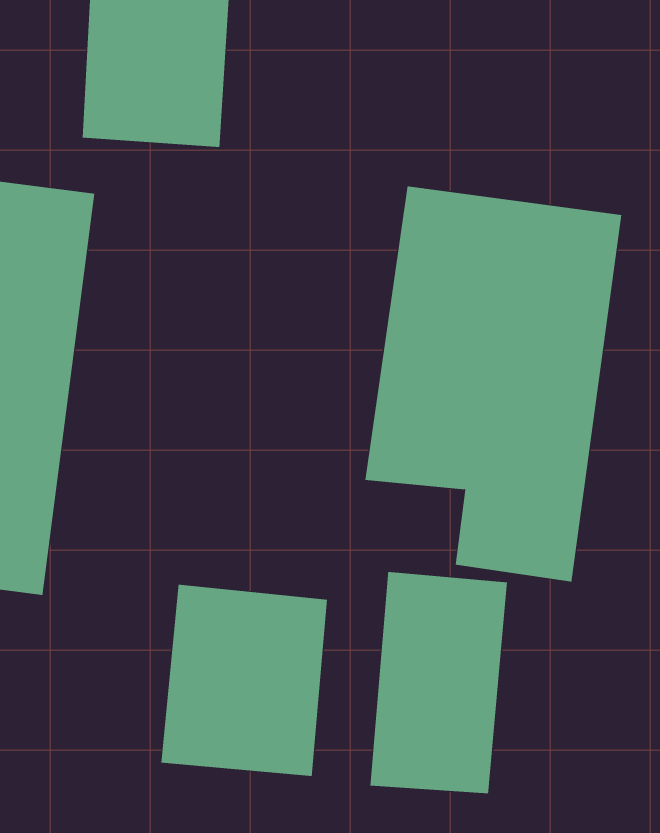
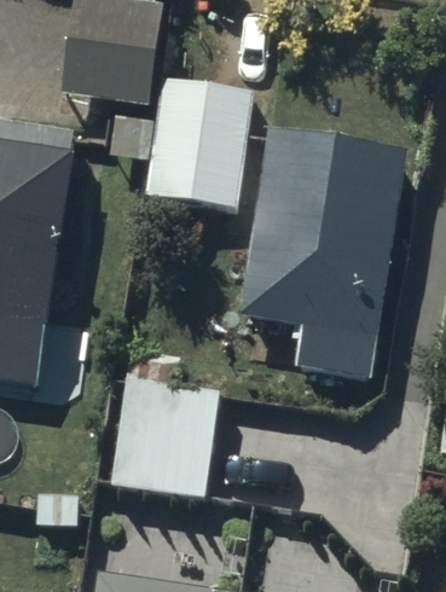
building: none -> [149,79,253,205]
building: [370,571,508,794] -> none

